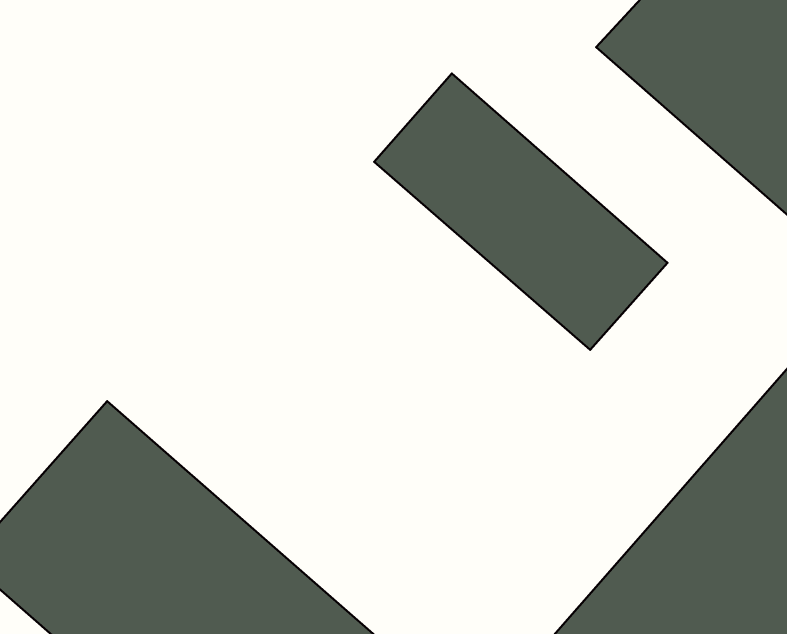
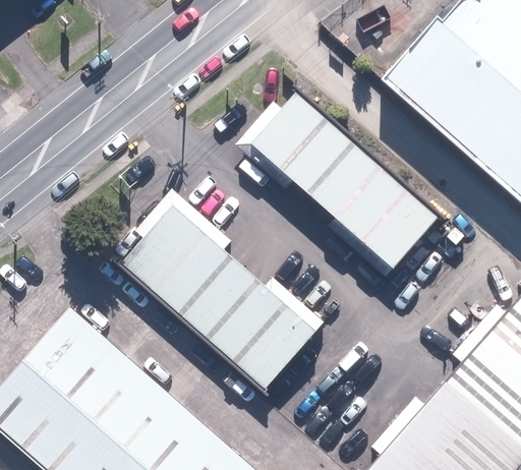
building: none -> [115,205,314,395]

